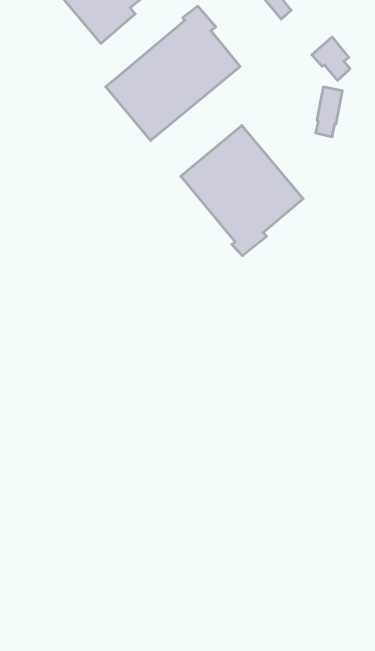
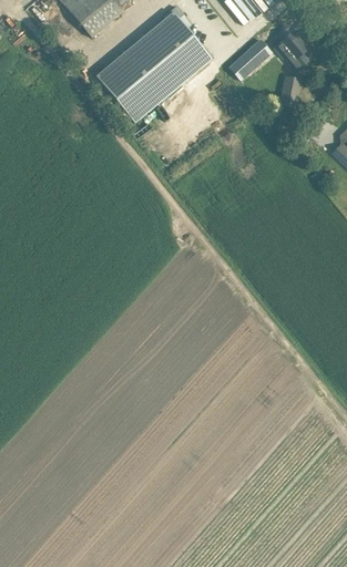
building: none -> [228,39,272,80]
building: [181,125,303,256] -> none

